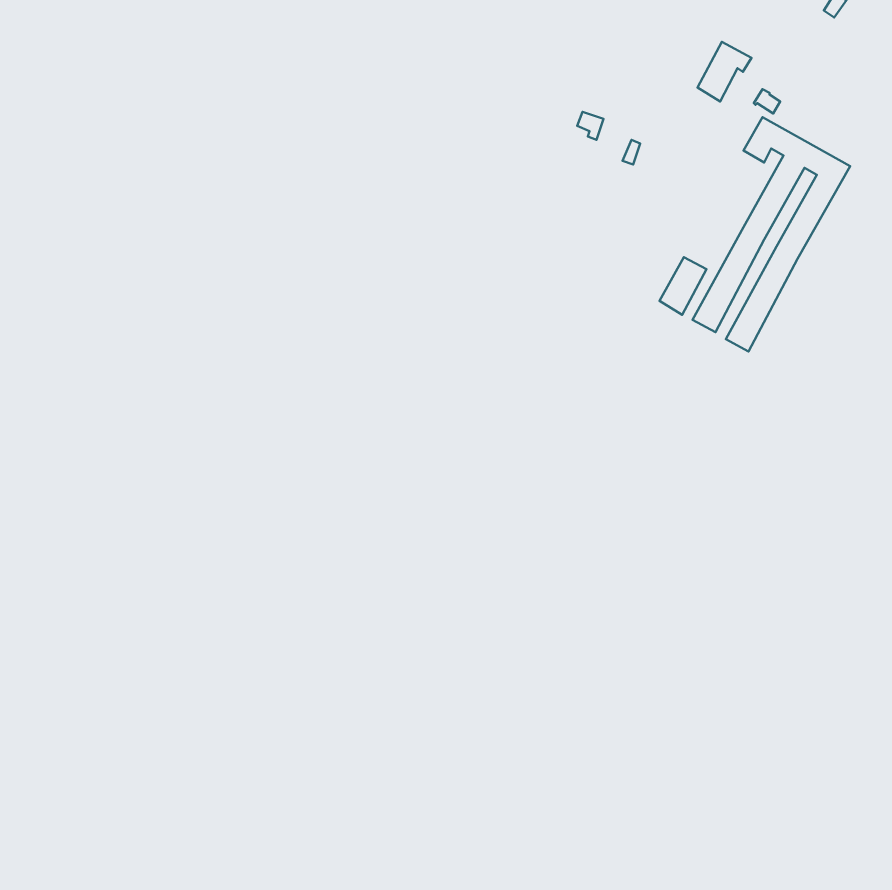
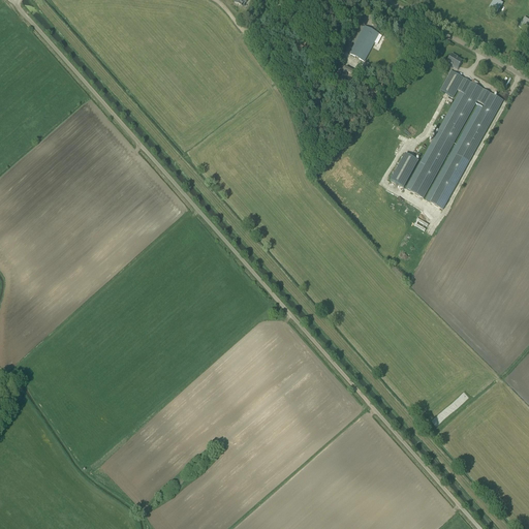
building: [697,42,752,101] -> [349,25,381,60]

